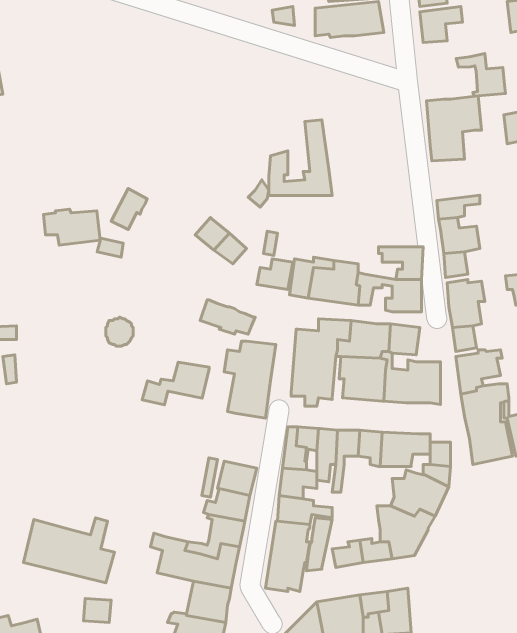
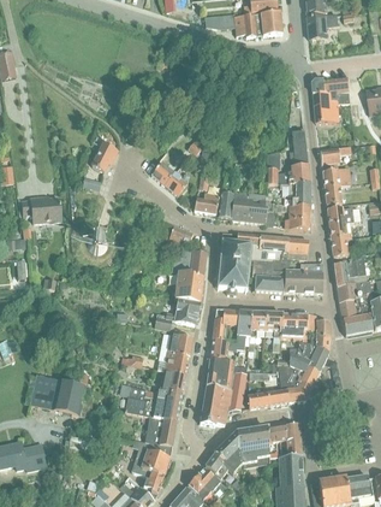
building: [456,54,505,96] -> none
building: [269,120,332,195] -> [266,130,310,183]
building: [44,209,100,245] -> [20,198,60,223]
building: [142,362,209,405] -> [153,300,200,330]

